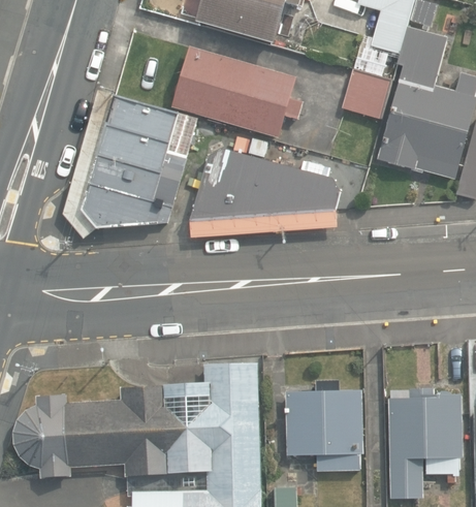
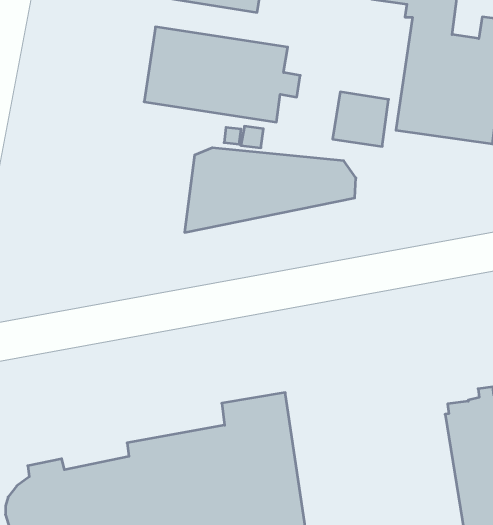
building: [341,69,391,119] -> [333,92,389,146]
building: [83,96,188,228] -> none
building: [286,380,363,471] -> none

